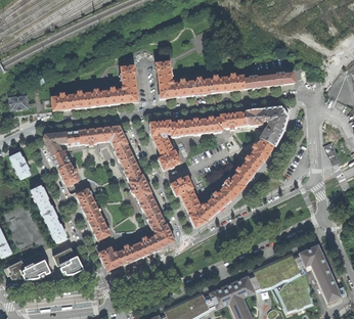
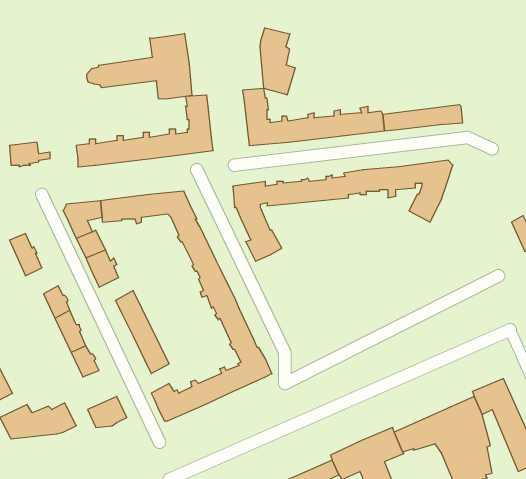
building: none -> [260,28,295,95]
building: none -> [87,33,192,99]
building: [170,138,273,227] -> none

